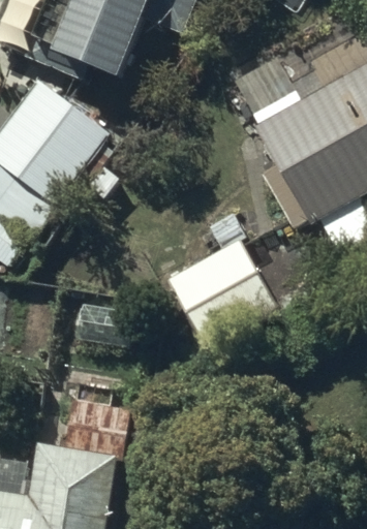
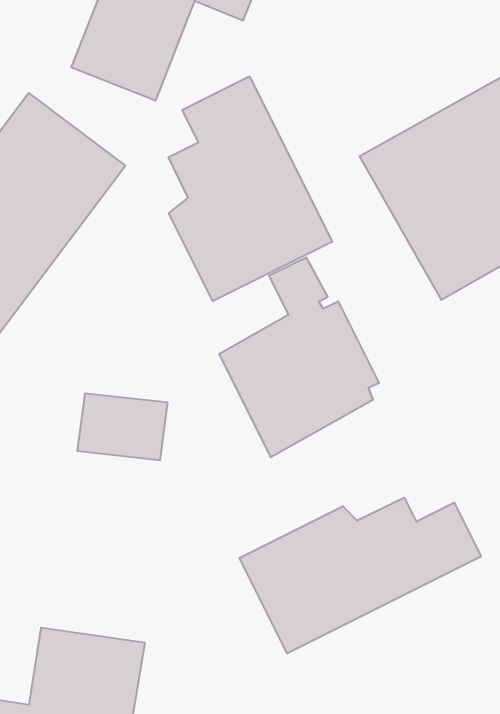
building: none -> [169,76,332,301]
building: none -> [240,498,481,654]

